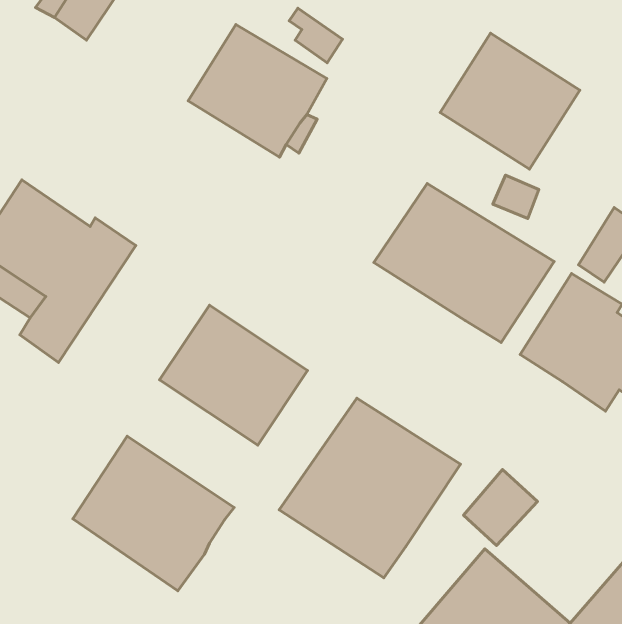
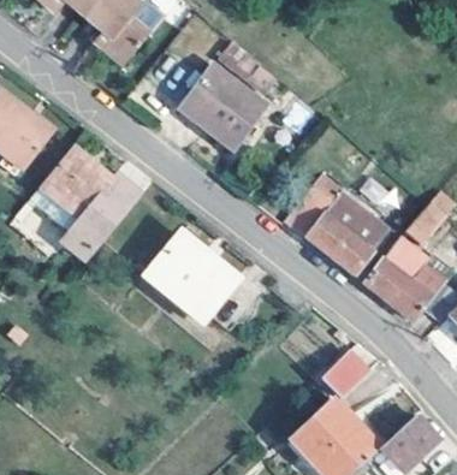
building: [440,33,580,169] -> none
building: [279,398,460,578] -> none
building: [73,436,234,591] -> none

